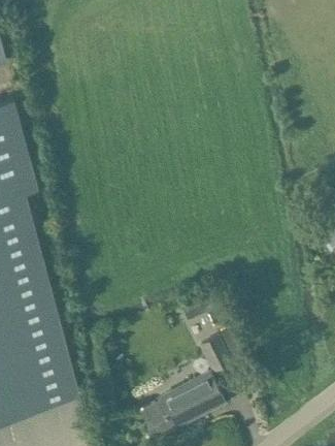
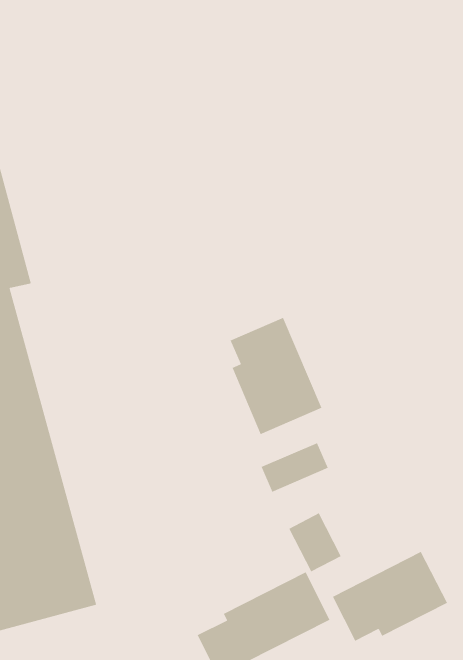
building: none -> [229,317,323,435]
building: none -> [332,551,448,642]

